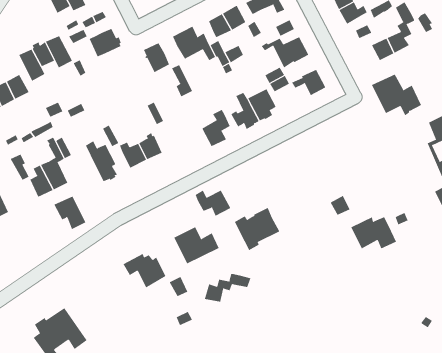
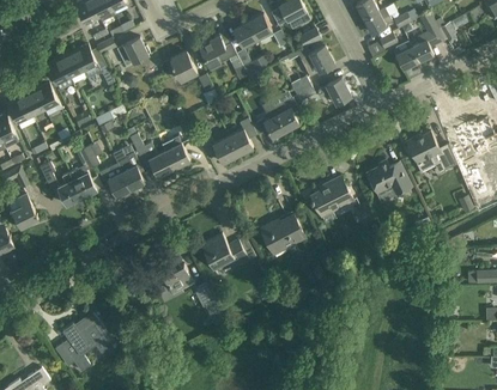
building: [371,74,422,116] -> [406,132,456,173]
building: none -> [310,176,353,224]
building: [195,190,231,216] -> [201,136,237,163]
building: [53,196,86,230] -> [98,163,131,196]
building: [351,216,397,249] -> [365,162,411,194]
building: [204,273,251,303] -> none

